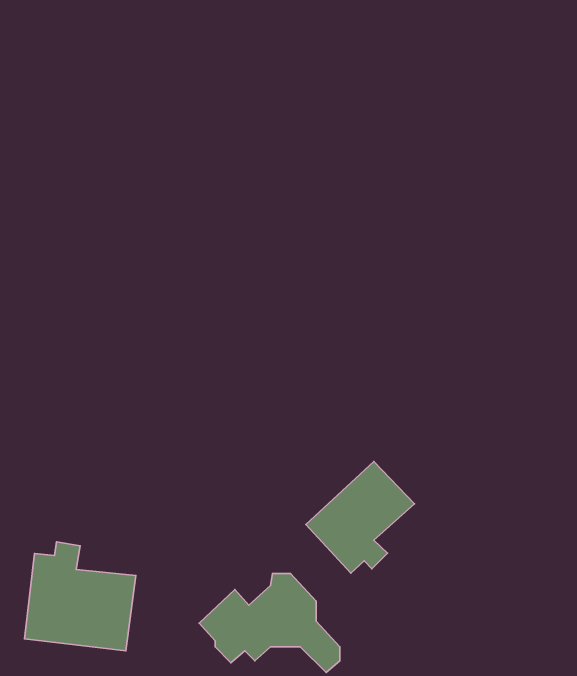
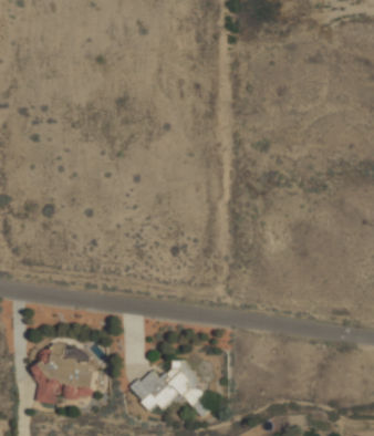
building: [306,461,414,573] -> none

